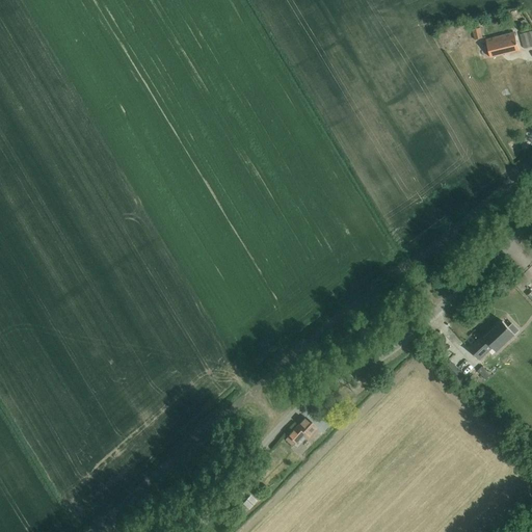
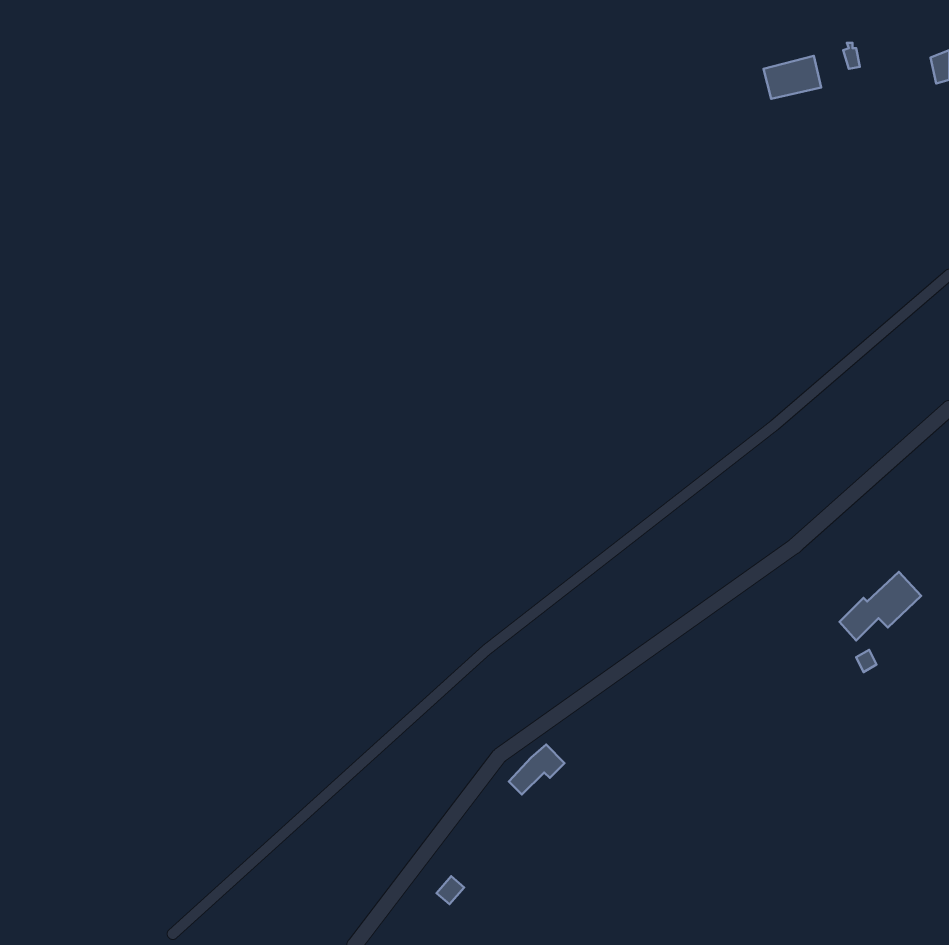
building: [485,31,517,55] -> [764,56,821,99]

